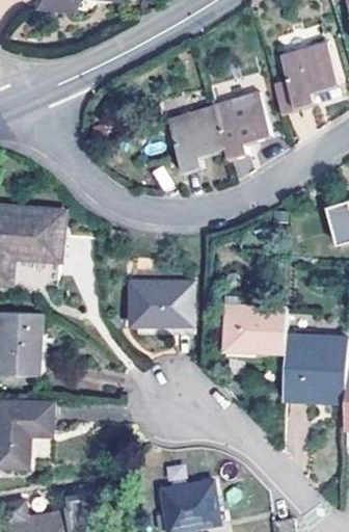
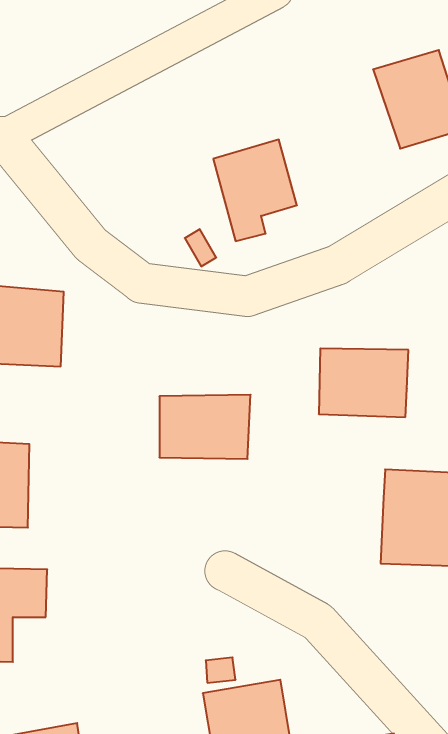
building: [212,91,270,161] -> none
building: [224,305,287,353] -> [319,348,408,417]

